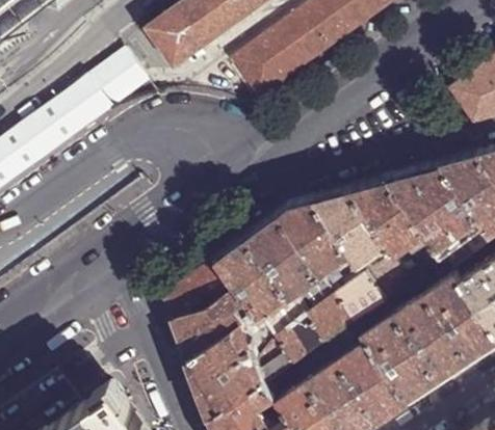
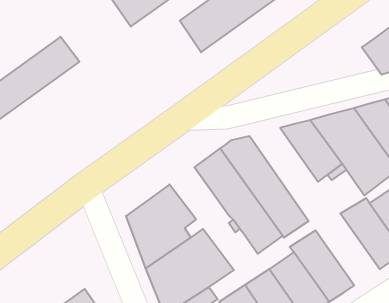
building: [86,52,145,108] -> none
building: [315,188,418,301] -> none
building: [218,236,325,360] -> none
building: [395,292,473,379] -> none

